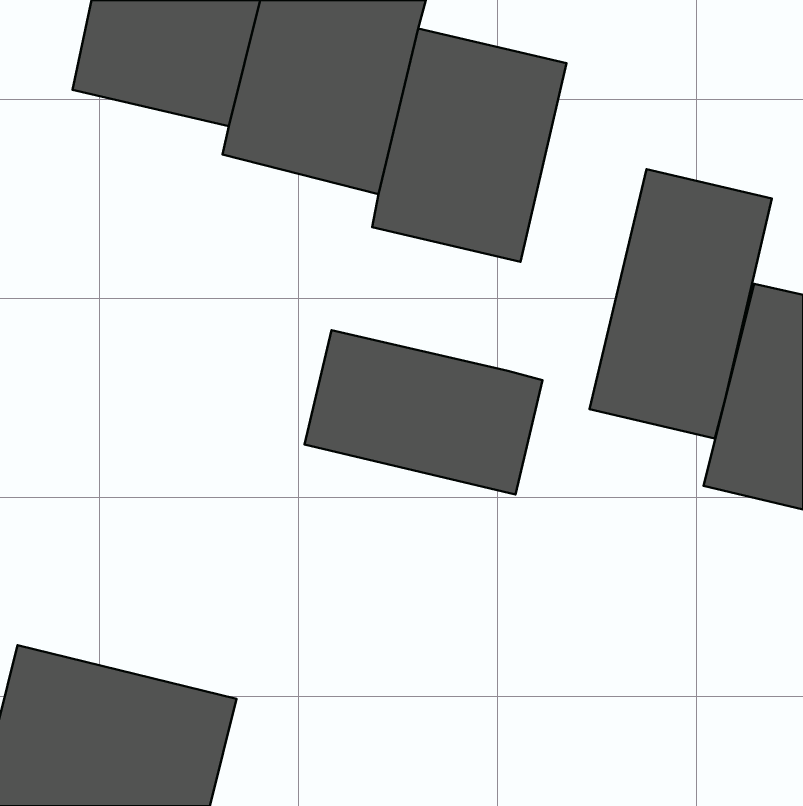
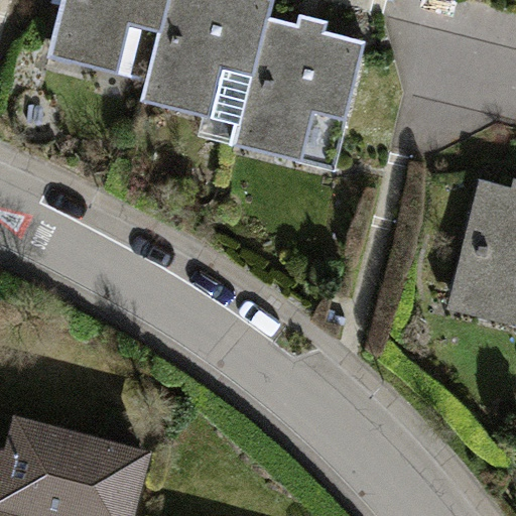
building: [590,169,772,438] -> none
building: [305,330,542,495] -> none

